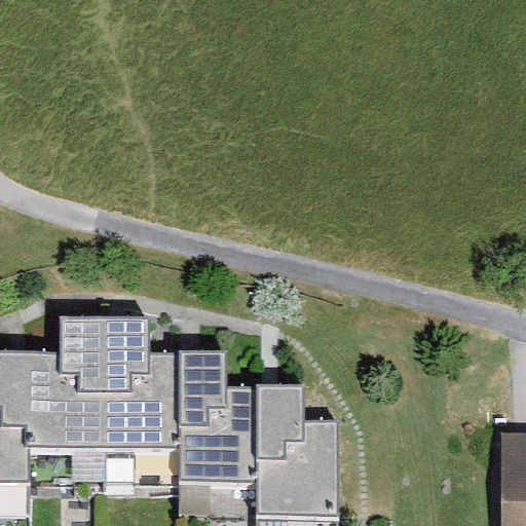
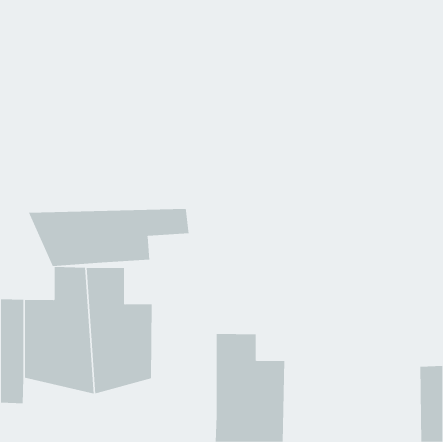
building: none -> [28,208,189,267]
building: [180,360,256,492] -> none

